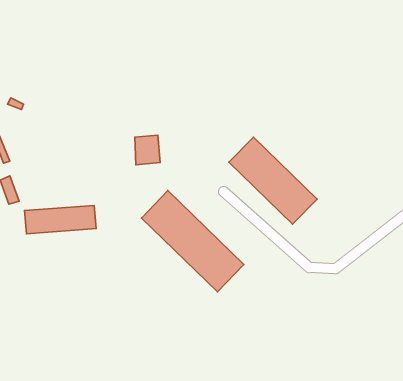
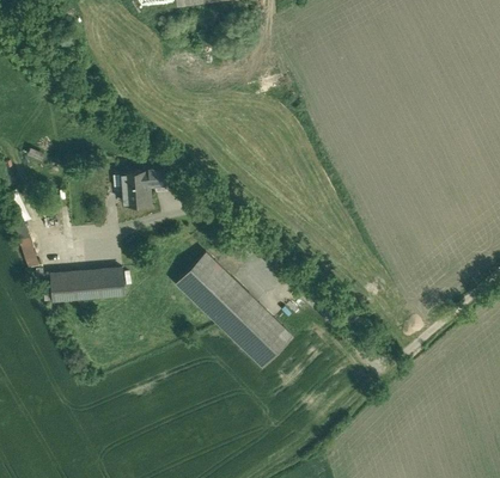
building: [135,135,160,165] -> [122,170,151,203]
building: [229,137,317,224] -> none

